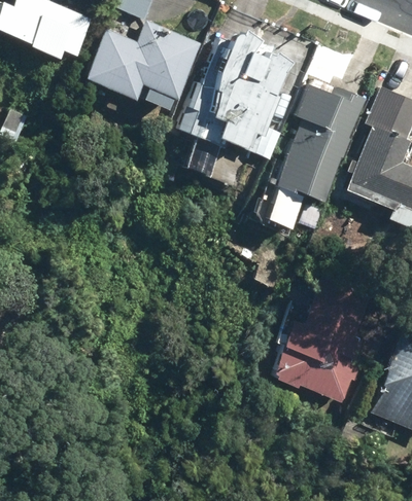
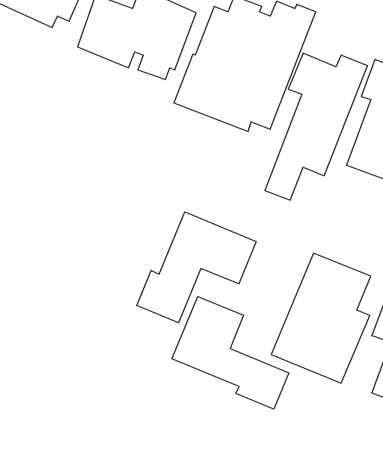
building: none -> [137,212,256,323]
building: none -> [172,297,289,409]

